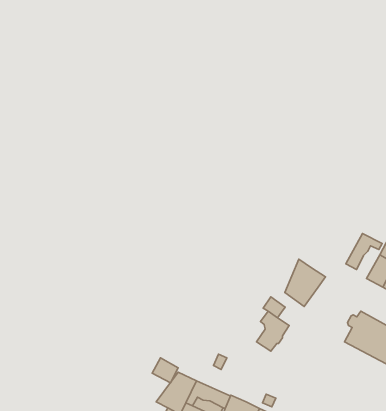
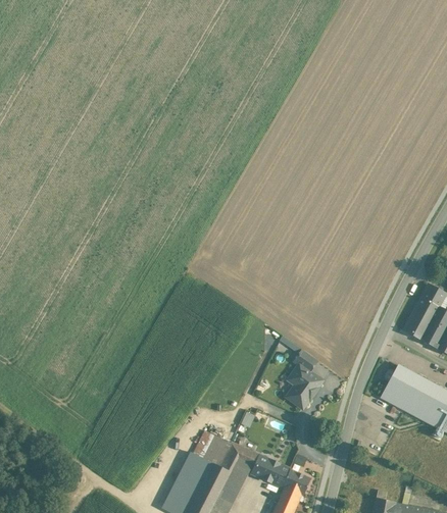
building: [346,234,382,270] -> none
building: [285,259,325,306] -> none
building: [152,358,178,383] -> none

